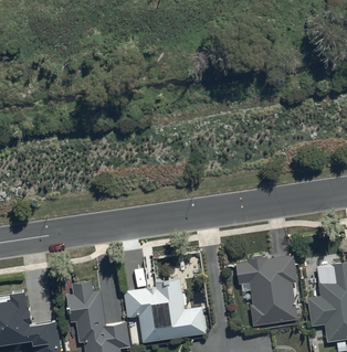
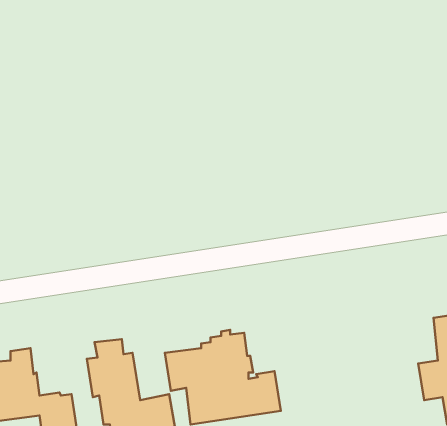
building: [236,257,296,324] -> none

